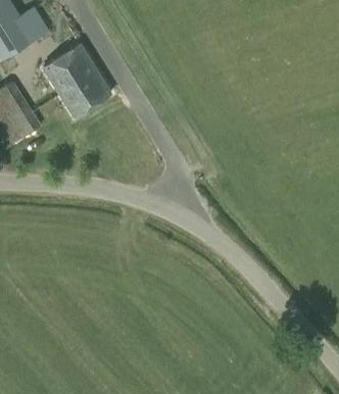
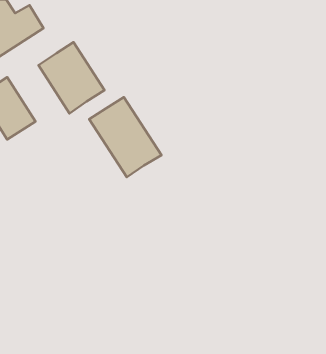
building: none -> [89,97,161,177]

